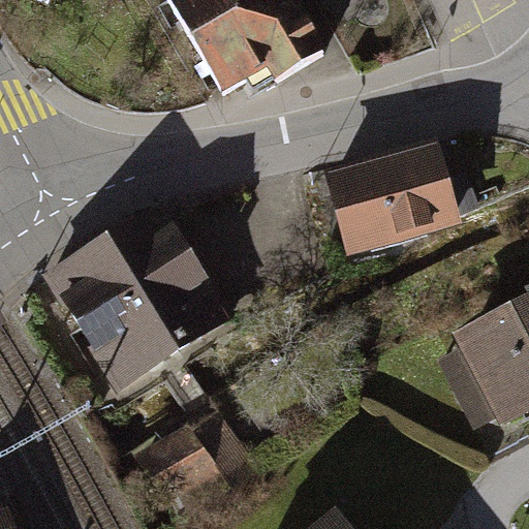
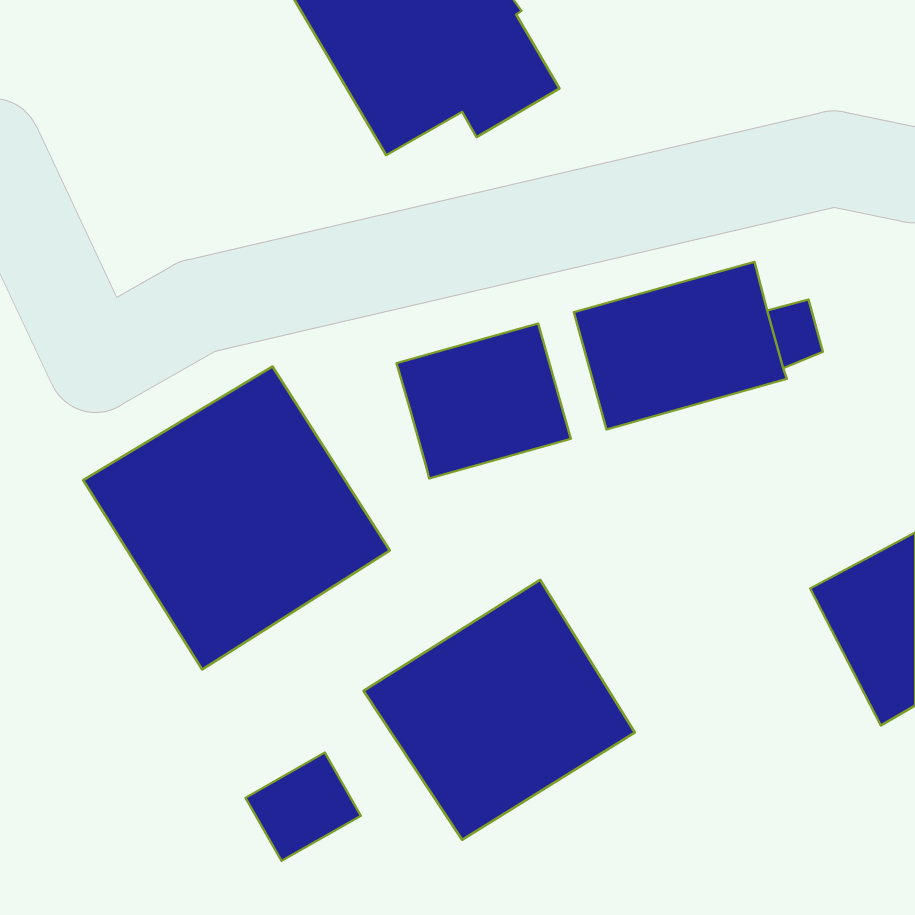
building: none -> [396,324,571,479]
building: none -> [363,580,635,840]

